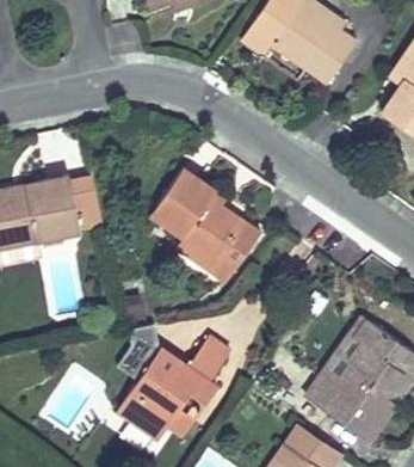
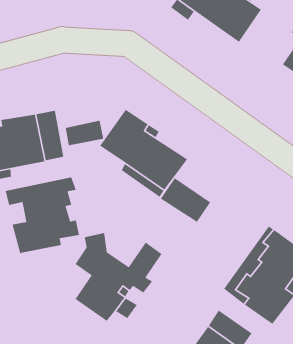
building: none -> [65,120,104,146]
building: none -> [5,176,80,254]
building: none -> [160,177,211,223]

